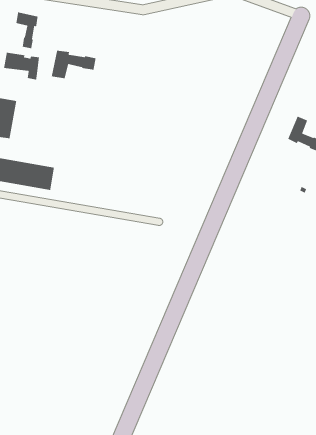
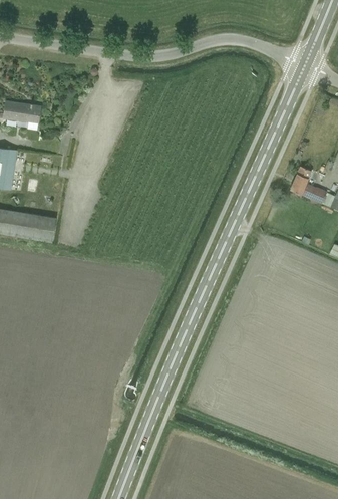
building: [15,12,38,49] -> none
building: [51,50,96,79] -> none

